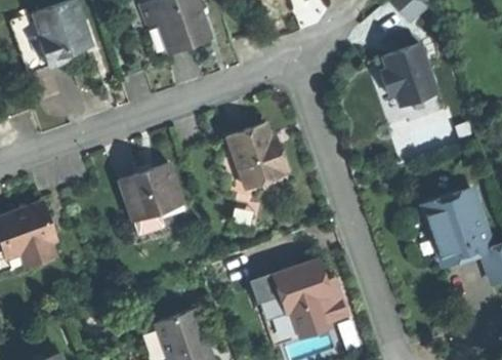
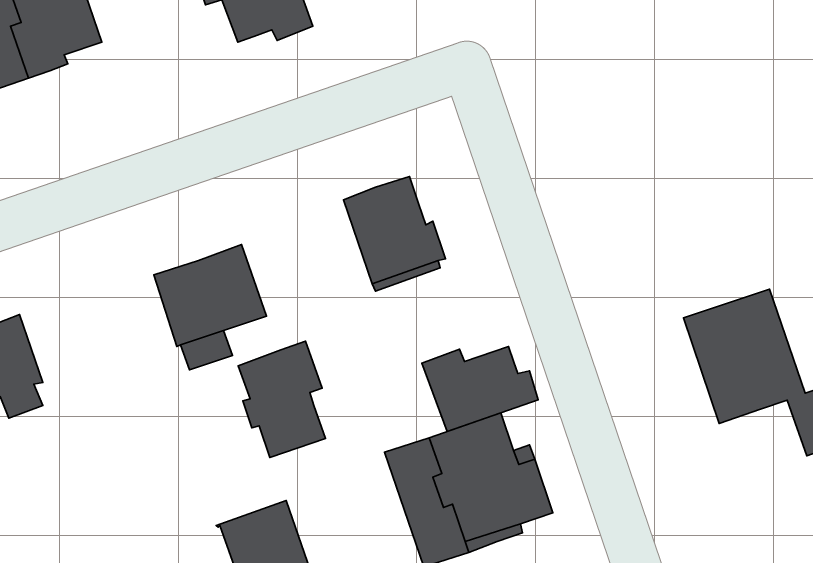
building: [381,43,437,106] -> none
building: none -> [238,341,326,457]
building: none -> [422,347,538,432]

